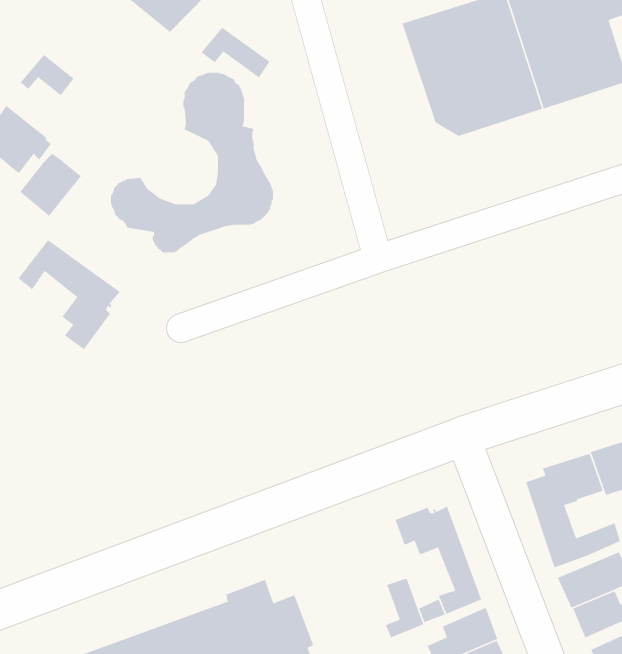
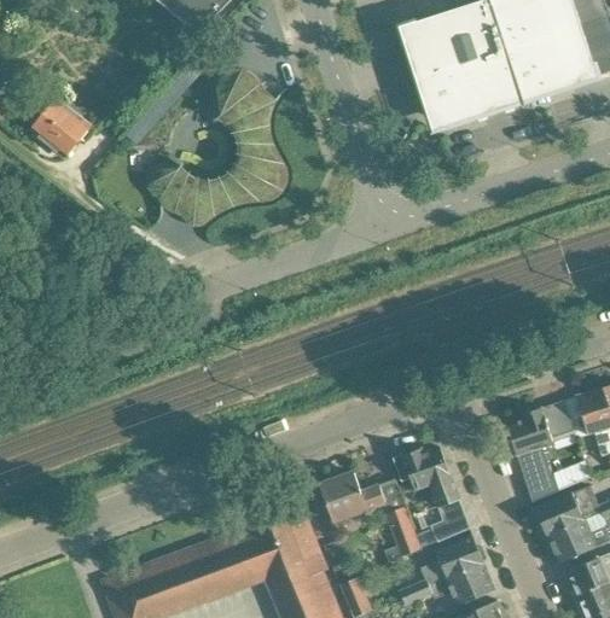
building: [201,27,271,78] -> none
building: [20,54,74,96] -> none
building: [20,153,82,217] -> none
building: [18,239,121,350] -> none
building: none -> [321,473,387,521]

